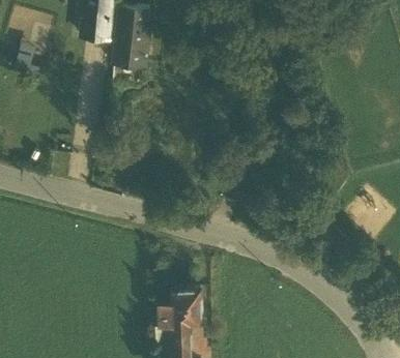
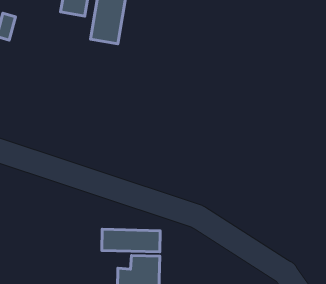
building: none -> [102,229,160,252]

